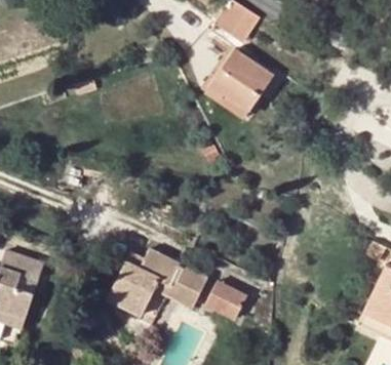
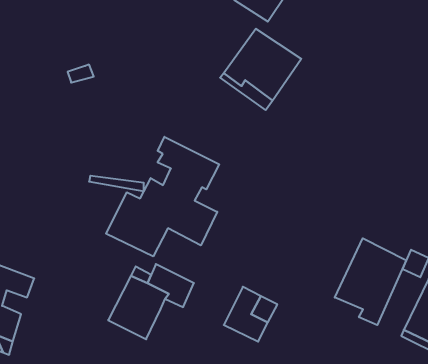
building: none -> [106,137,219,256]
building: none -> [335,238,406,325]
building: [153,268,208,312] -> none

